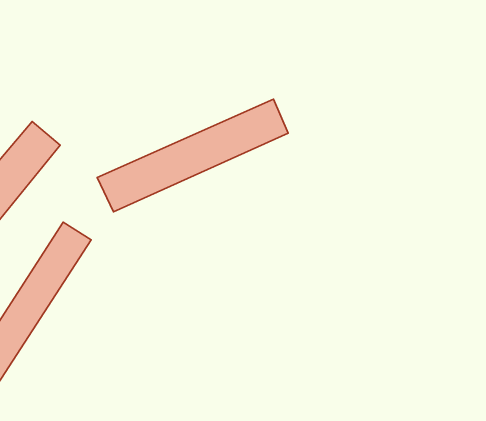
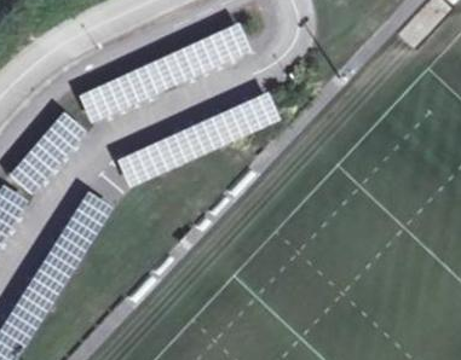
building: none -> [79,28,246,126]

